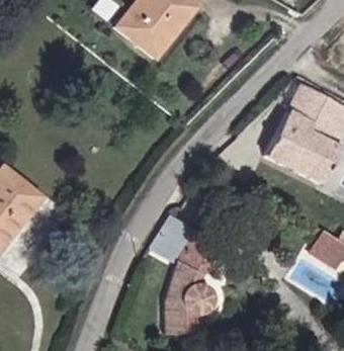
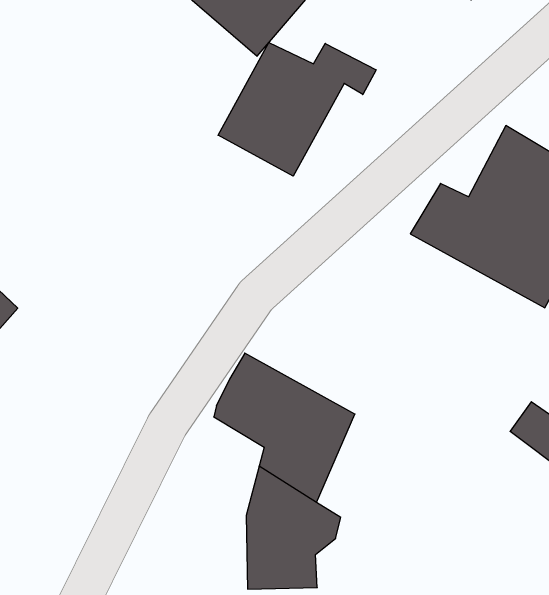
building: none -> [218,43,376,176]

